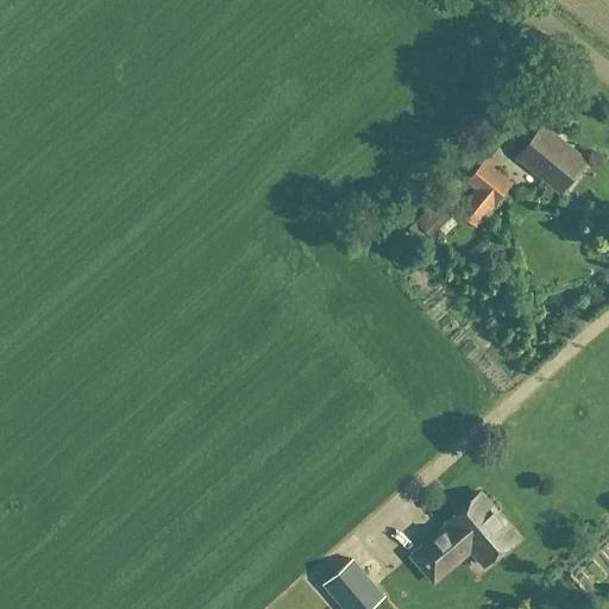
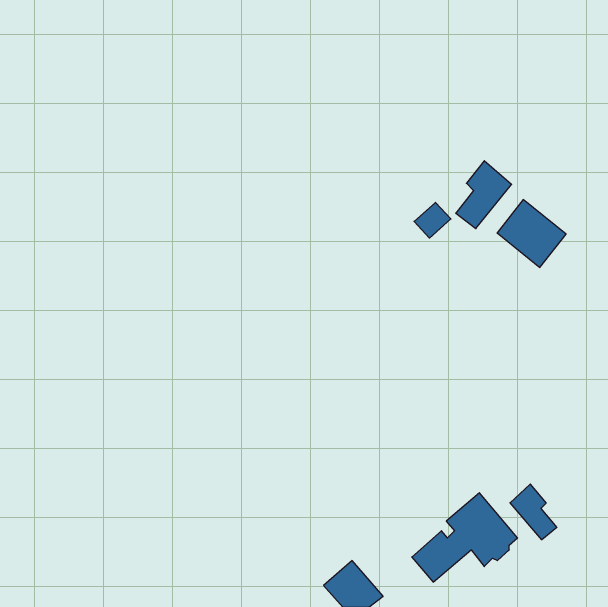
building: [516,126,585,194] -> [497,200,566,267]
building: none -> [510,484,557,540]

